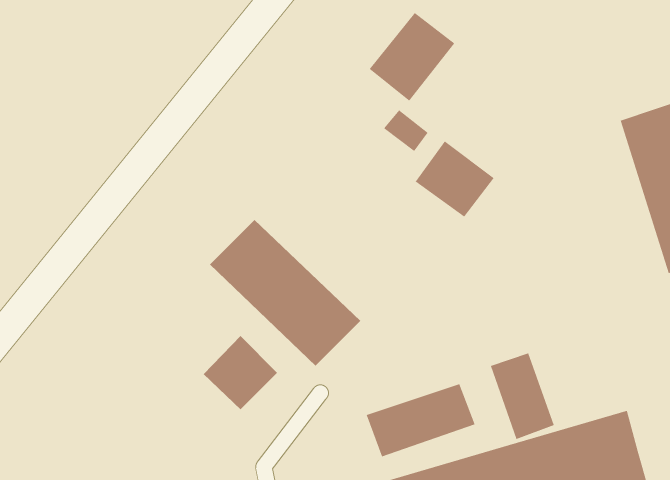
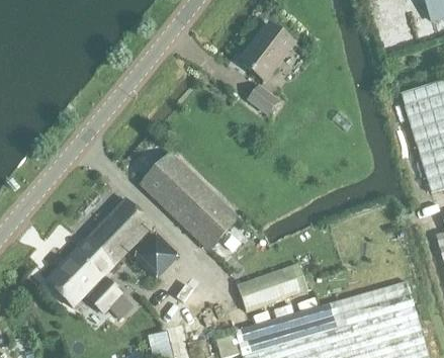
building: [415,141,495,218] -> none
building: none -> [47,198,153,318]
building: [490,353,555,440] -> none

